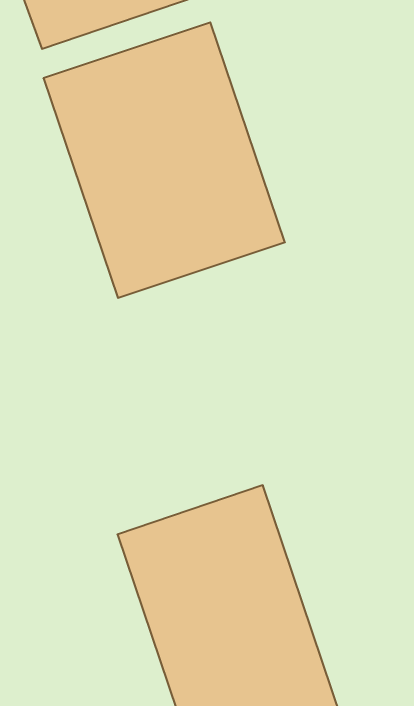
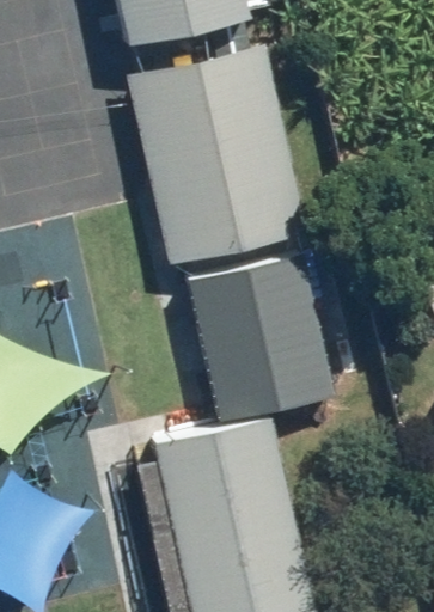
building: none -> [195,268,323,422]

